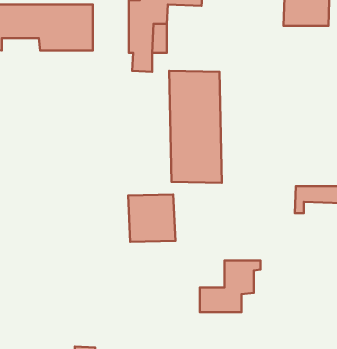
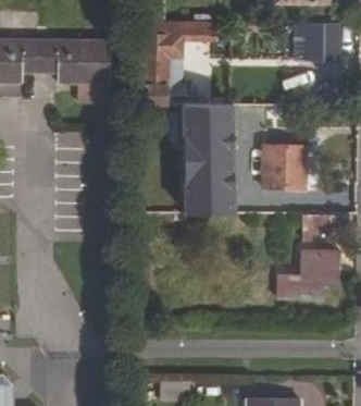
building: none -> [262,145,304,190]
building: [128,195,175,242] -> none
building: [200,260,260,312] -> [281,251,339,302]

